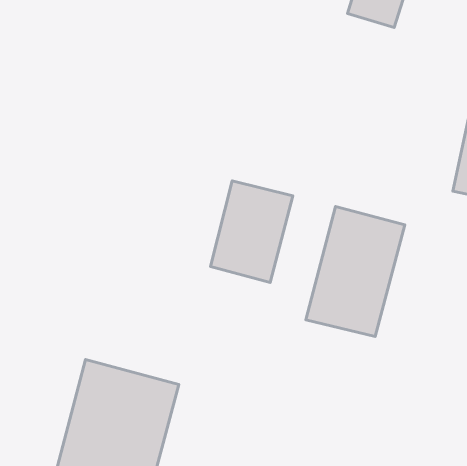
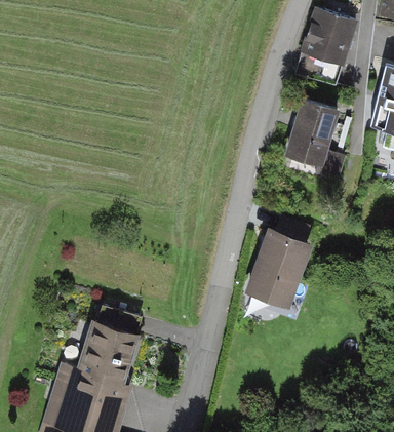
building: none -> [279,100,345,171]
building: [210,181,293,282] -> none

